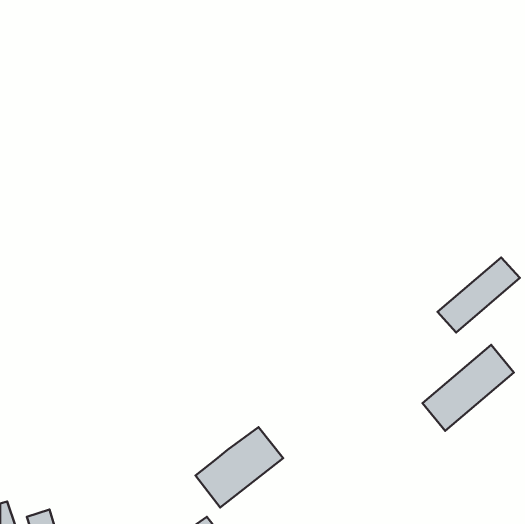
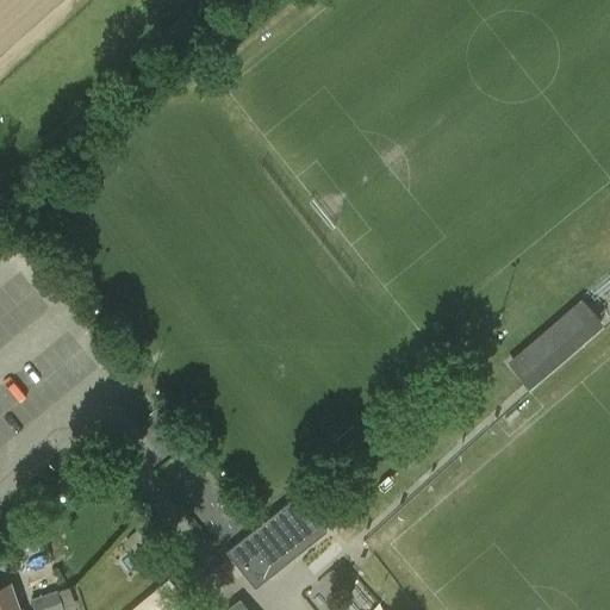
building: [423,345,514,431] -> none

